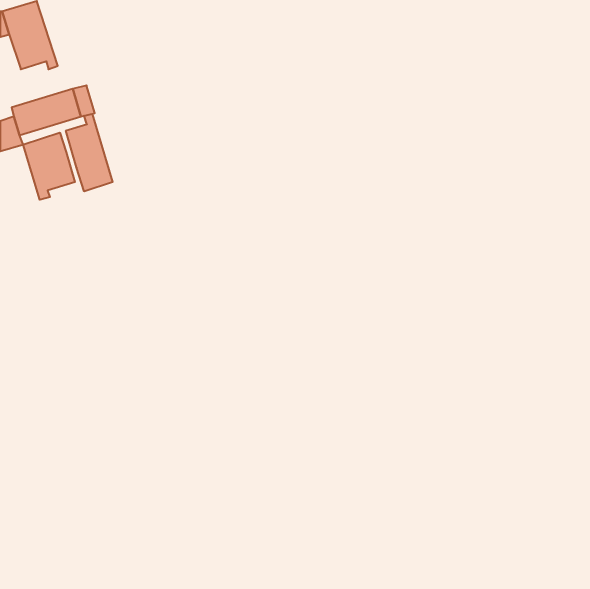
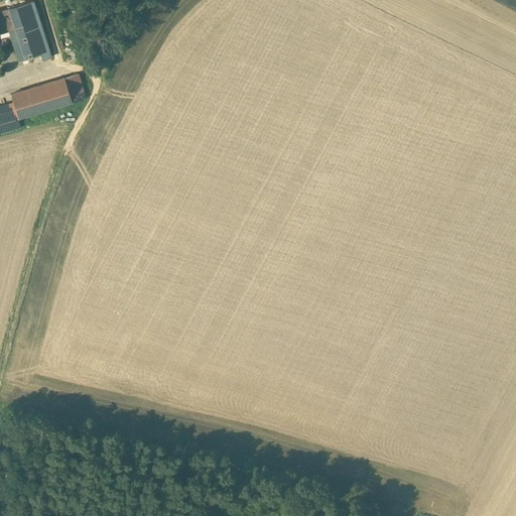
building: [66,114,113,191] -> none
building: [23,133,75,200] -> none

